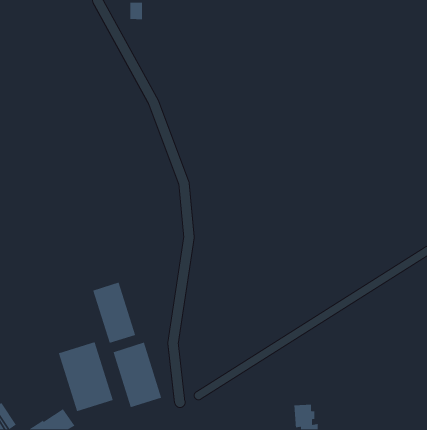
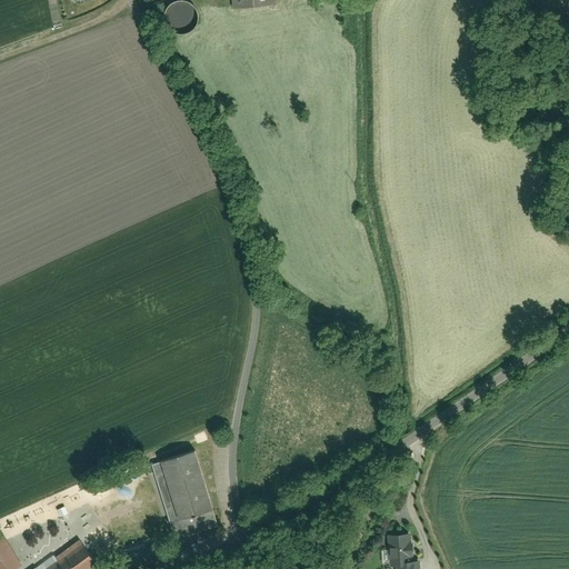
building: [92,282,136,344] -> none
building: [58,341,114,412] -> none

